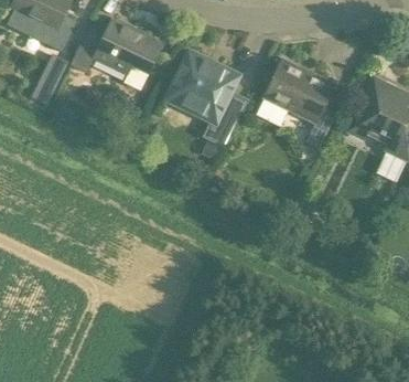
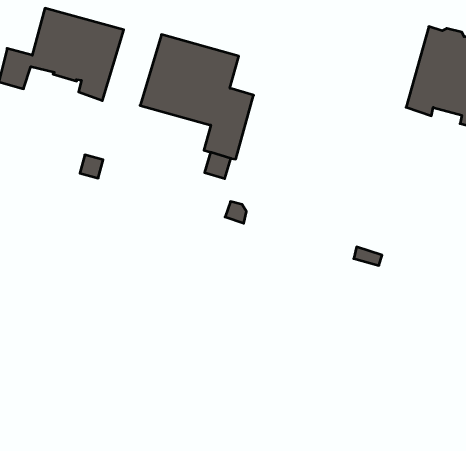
building: [255,56,336,148] -> none

